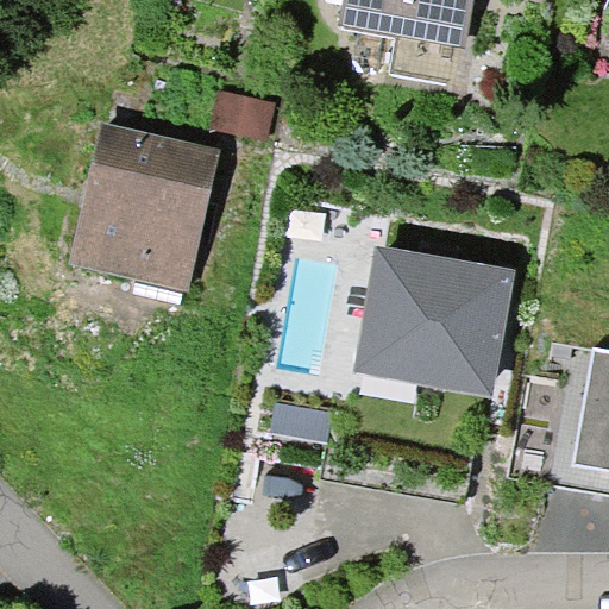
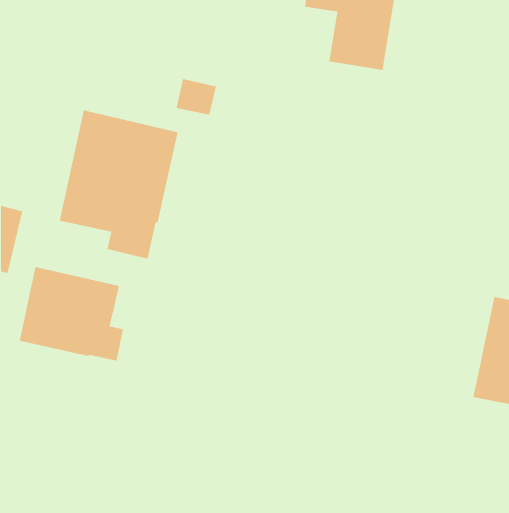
building: [353,246,502,390] -> none
building: none -> [19,266,124,362]

